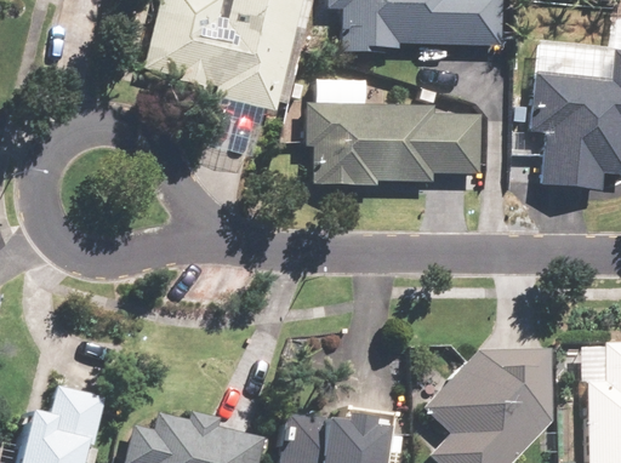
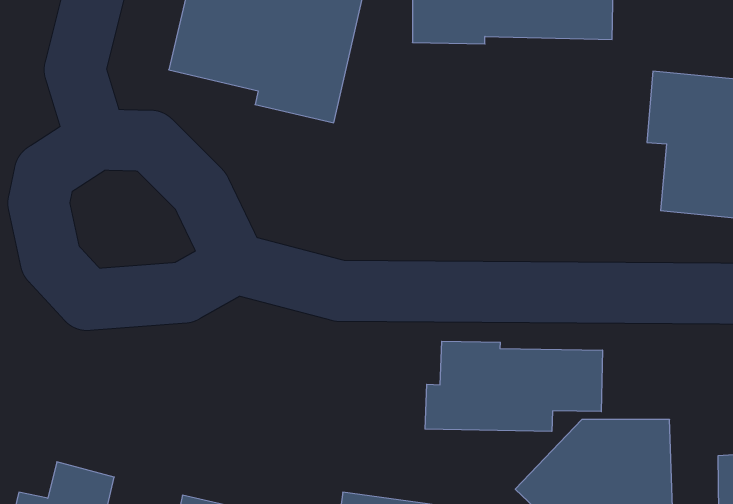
building: [306,103,480,184] -> none
building: none -> [425,341,602,431]

